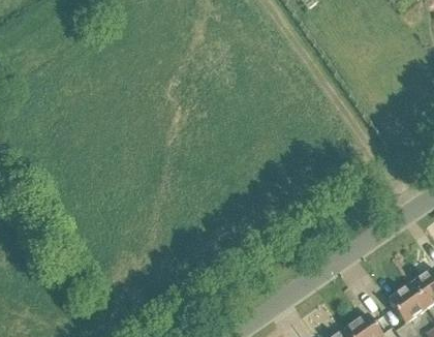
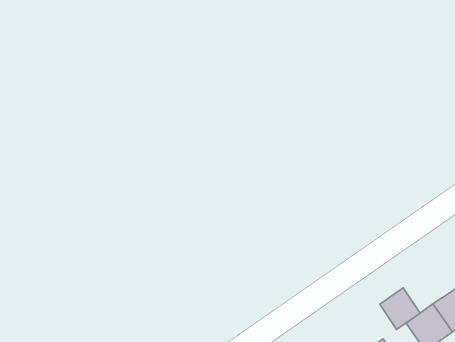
building: none -> [380,288,420,329]

